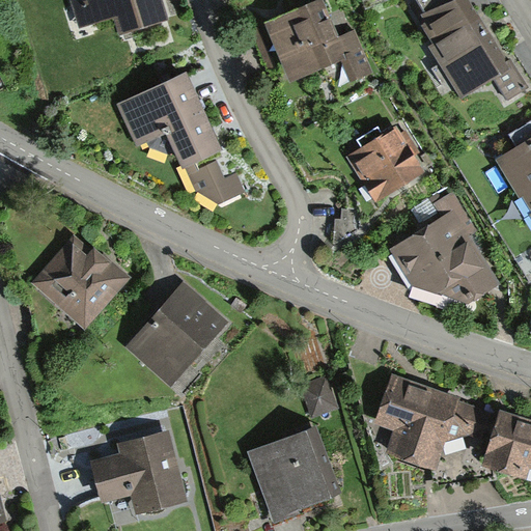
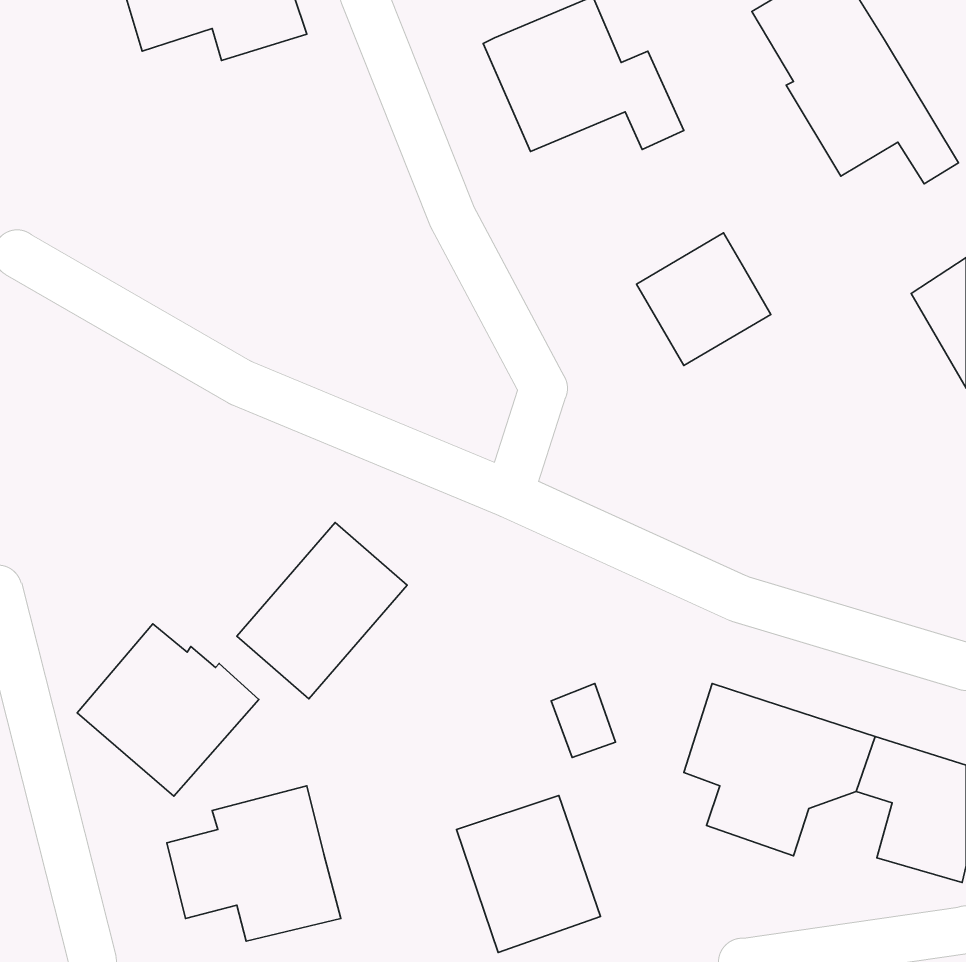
building: [117,72,248,203] -> none
building: [390,191,500,304] -> none
building: [31,235,131,330] -> [77,624,259,796]

